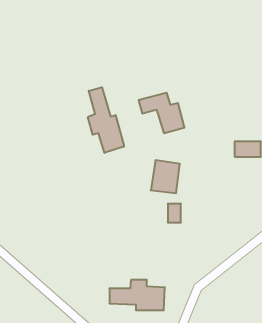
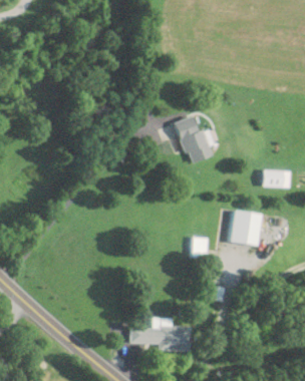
building: [88,87,124,153] -> none
building: [151,160,180,193] -> [230,210,261,245]

